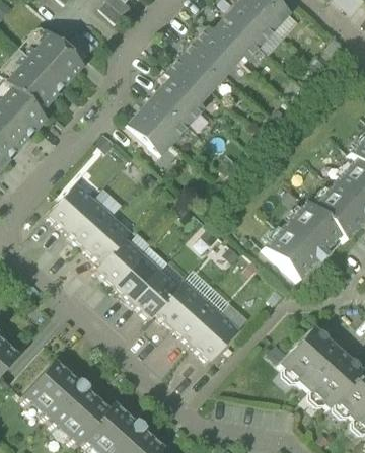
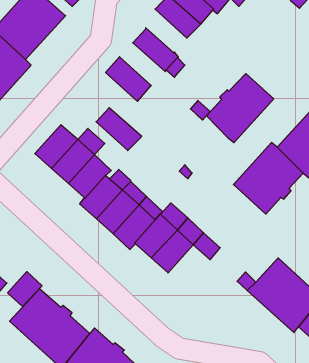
building: [164,57,214,104] -> none
building: [141,93,191,140] -> [96,108,142,151]
building: none -> [206,74,274,143]
building: [194,313,239,360] -> none
building: none -> [8,272,42,306]

